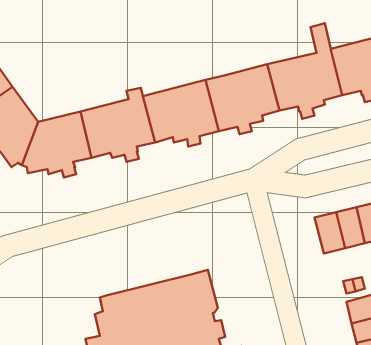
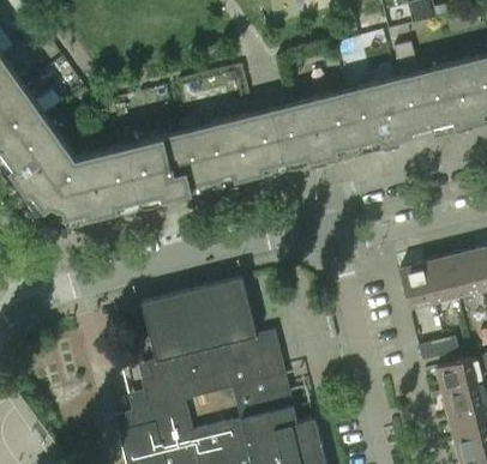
building: none -> [142,281,255,362]

